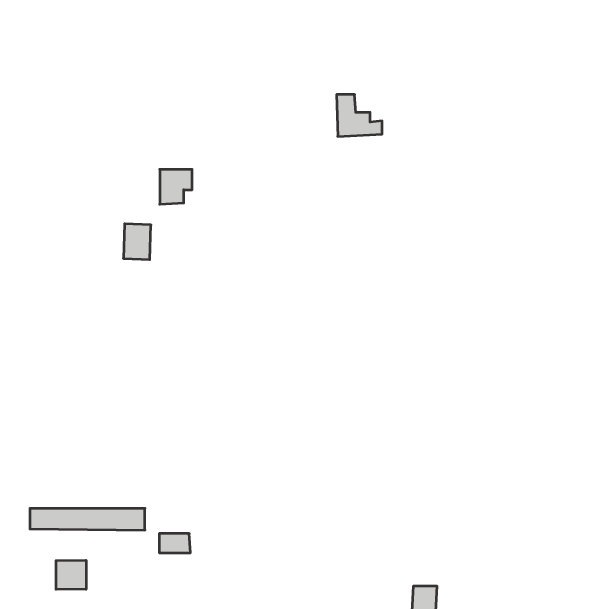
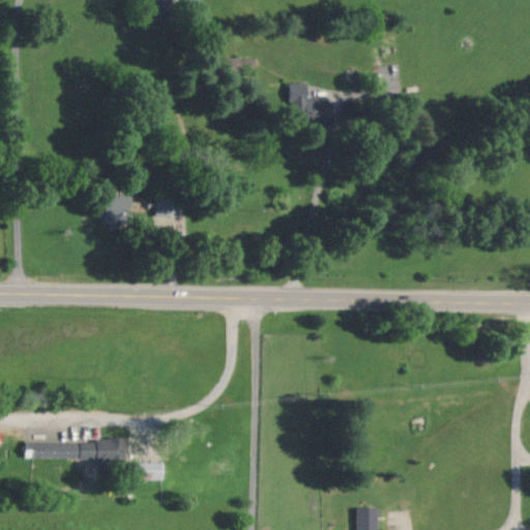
building: [160,169,192,204] -> [155,200,183,230]
building: [56,560,86,589] -> none

